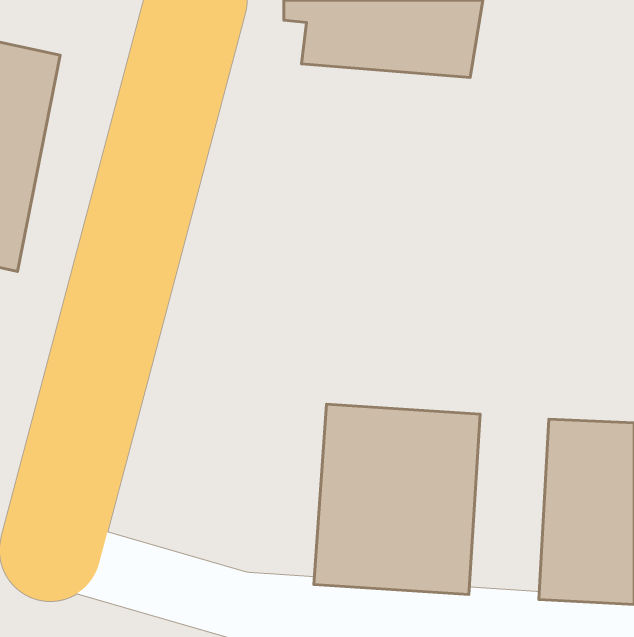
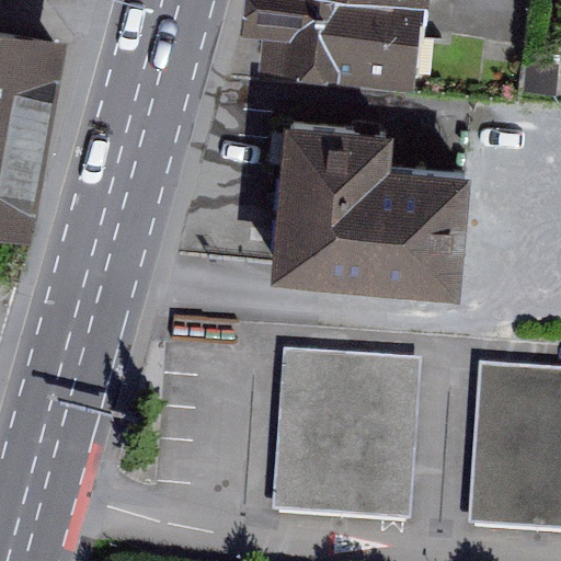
building: none -> [270,119,467,279]

